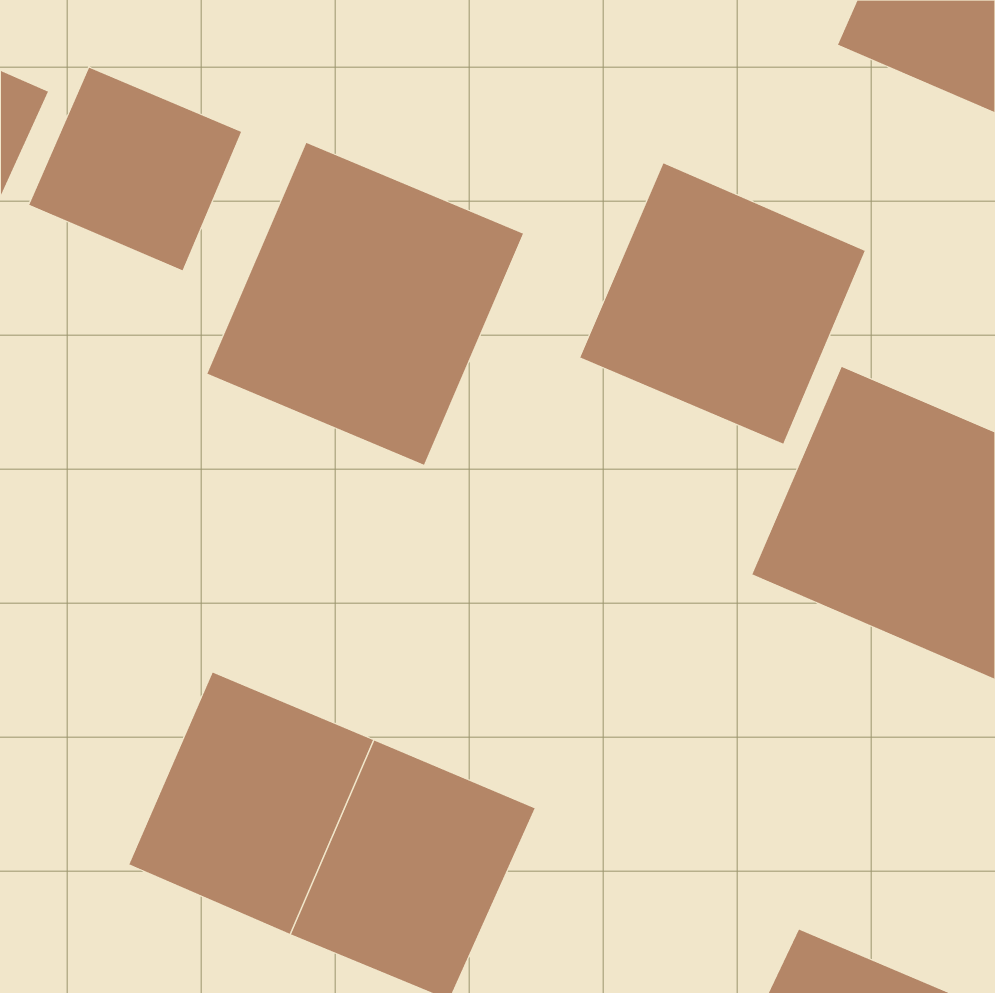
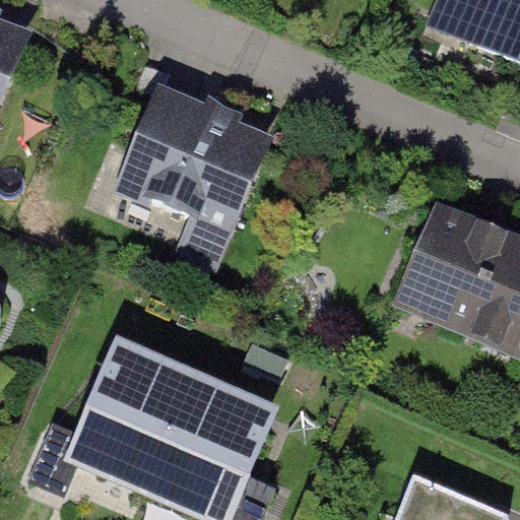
building: [29,67,242,271] -> none
building: [579,163,865,445] -> none

